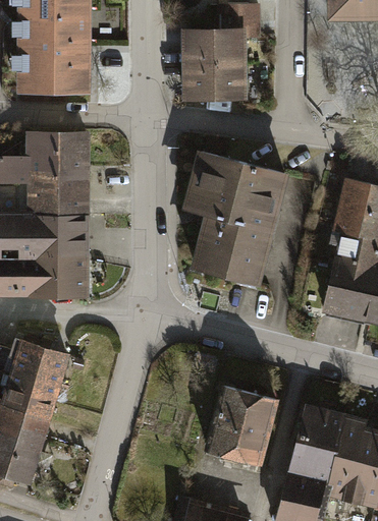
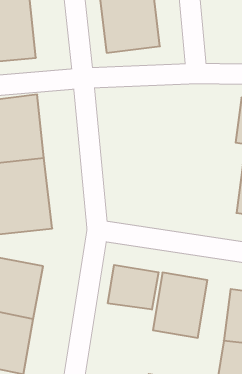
building: [183,146,290,285] -> none
building: none -> [108,265,159,310]

